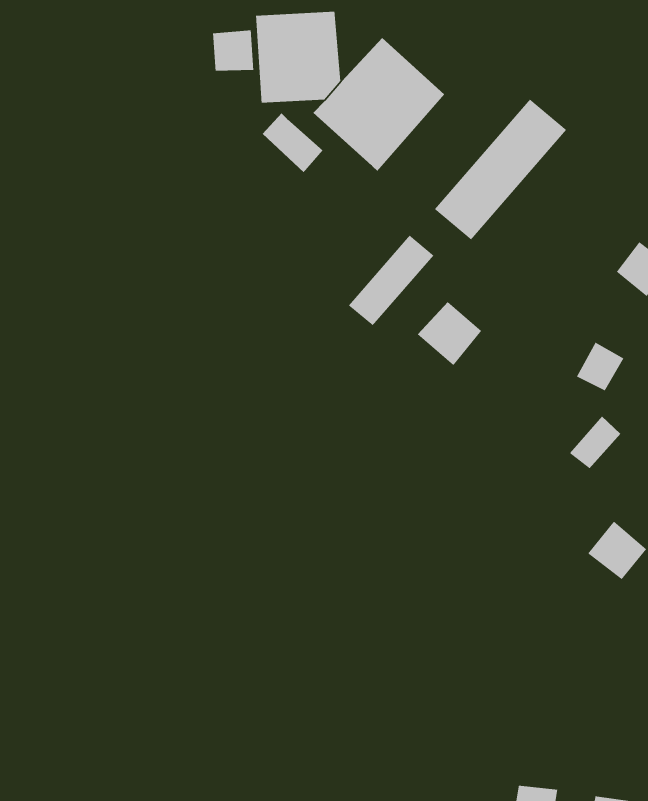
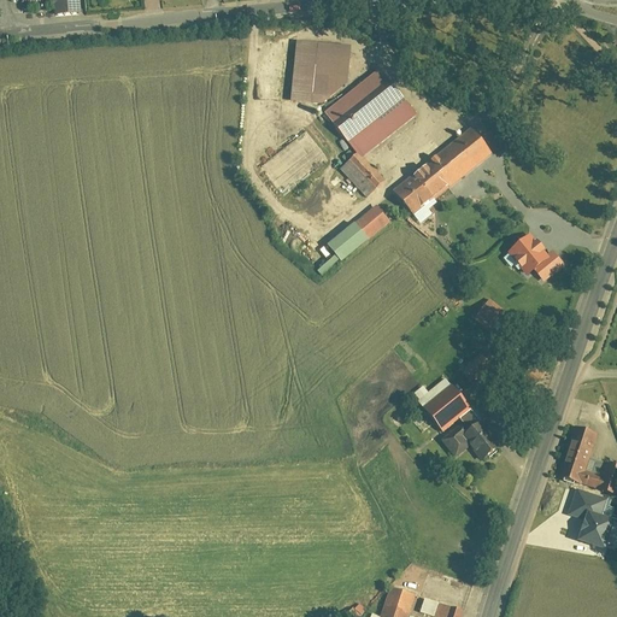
building: [212,29,254,72] -> none
building: [262,113,323,173] -> [341,153,381,196]
building: [417,301,482,366] -> none
building: none -> [423,388,477,443]

